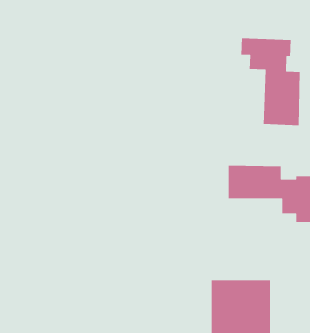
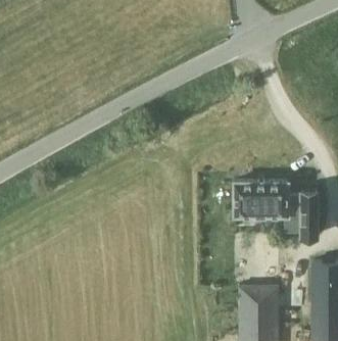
building: [240,38,300,126] -> none

